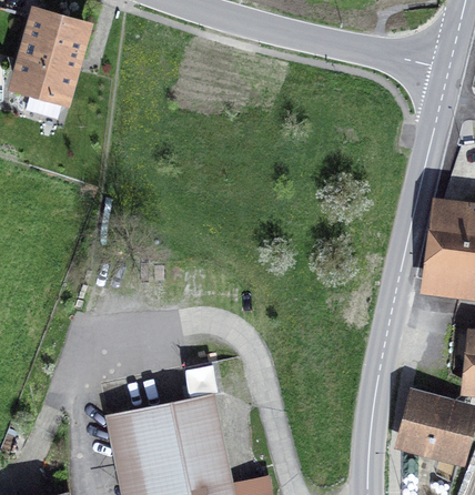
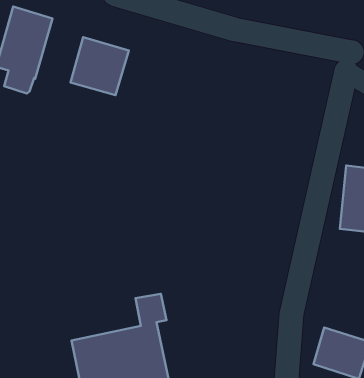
building: none -> [71,37,129,95]

